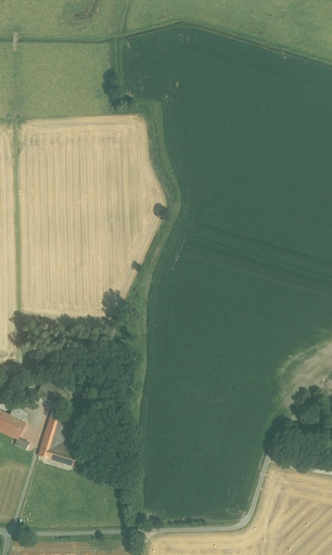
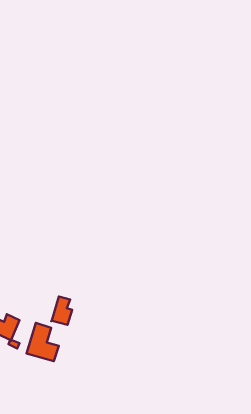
building: none -> [51,297,72,325]

